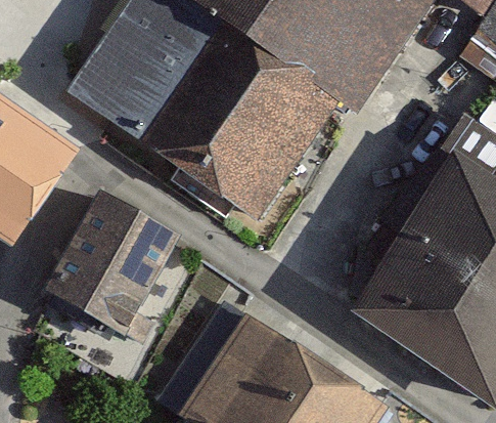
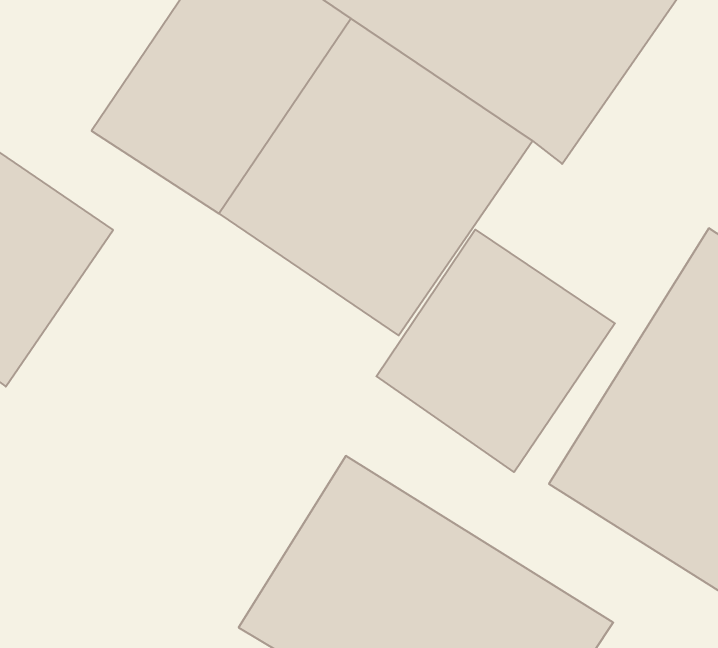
building: none -> [376,230,615,472]
building: [49,197,177,350] -> none

